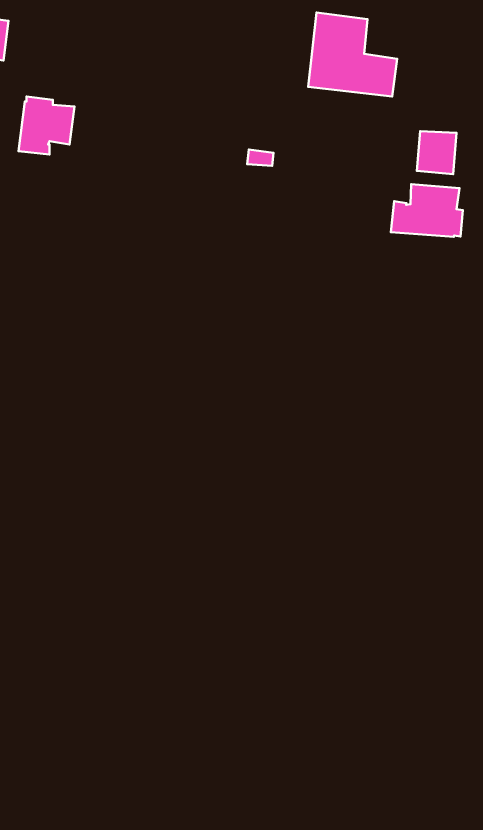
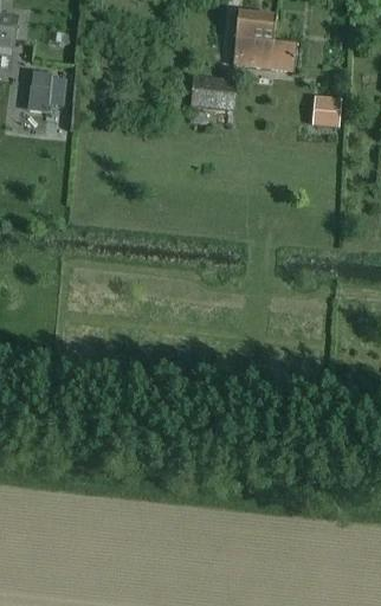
building: none -> [190,75,237,109]
building: [391,184,463,237] -> none

